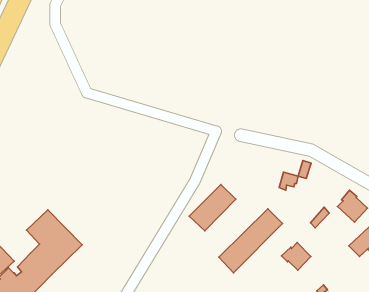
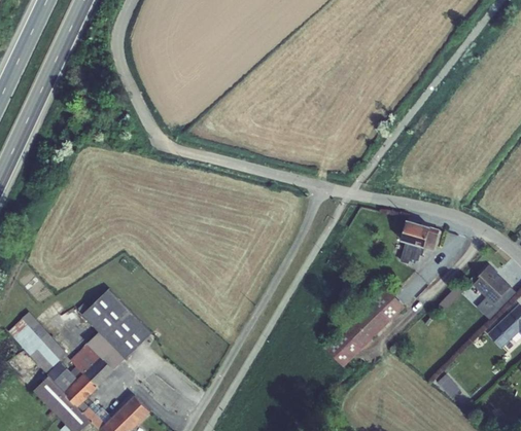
building: none -> [401,220,429,247]
building: [189,184,236,231] -> none
building: [282,243,311,270] -> none

